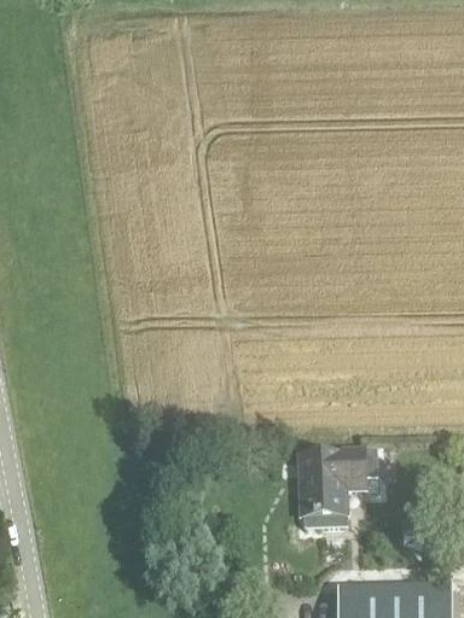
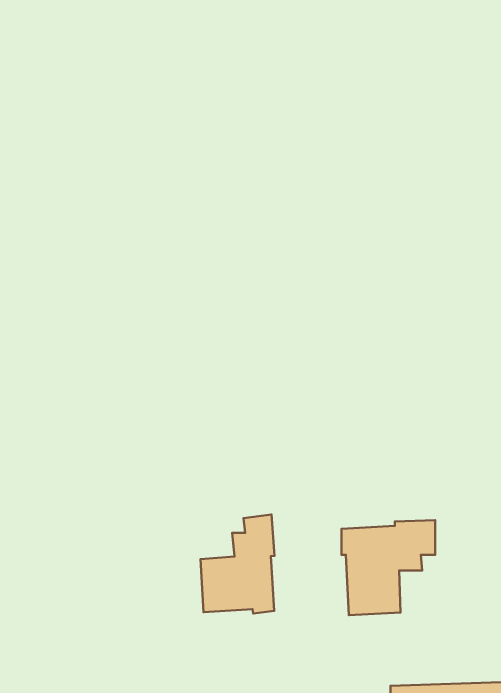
building: none -> [201,515,274,613]

